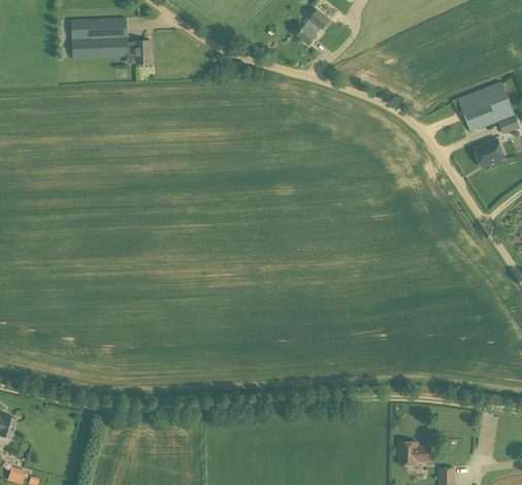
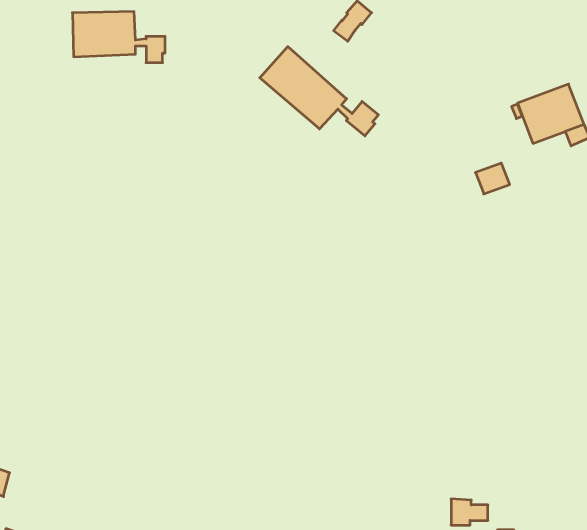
building: none -> [260,47,378,136]
building: [475,139,504,166] -> [475,163,510,194]

